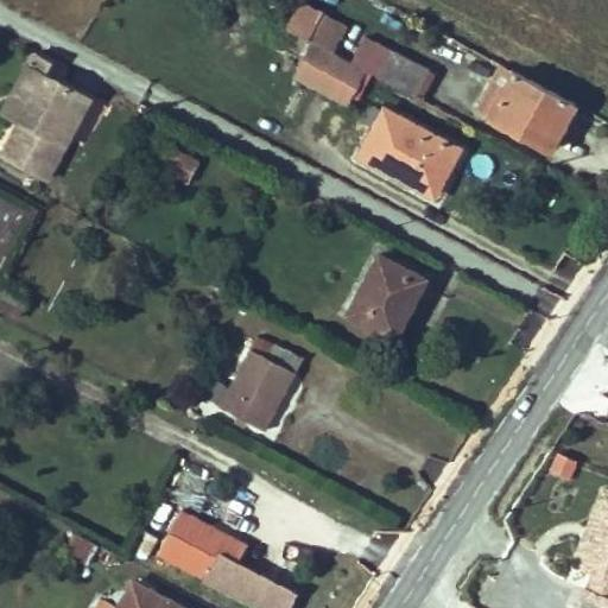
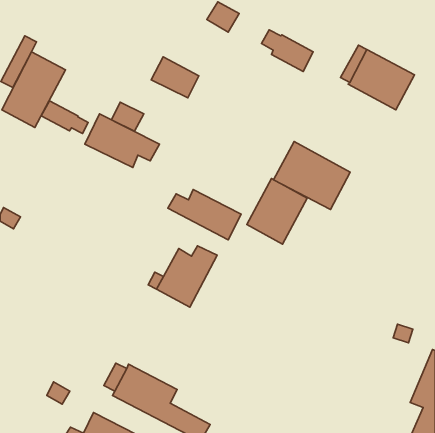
building: [296,45,362,102] -> [151,57,199,98]
building: [355,106,462,201] -> [274,141,350,210]
building: none -> [41,101,88,134]
building: none -> [85,114,160,168]
building: none -> [168,189,241,240]

